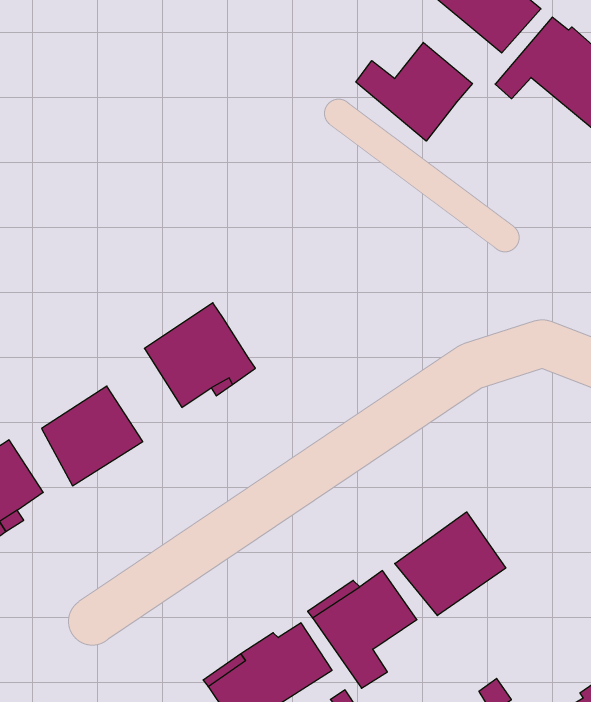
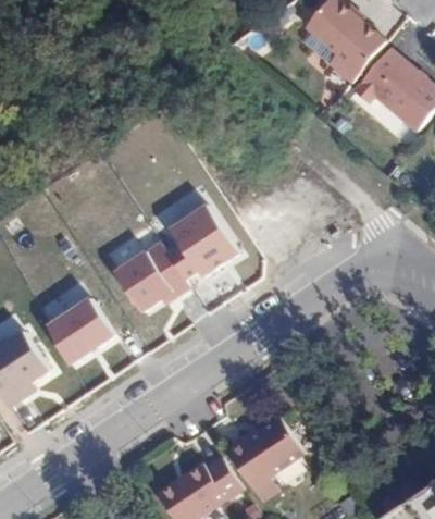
building: [356,42,472,141] -> none
building: none -> [167,206,238,280]
building: [395,512,506,616] -> none

